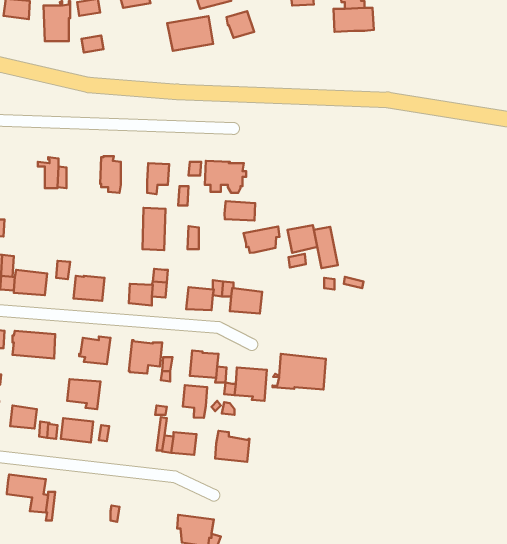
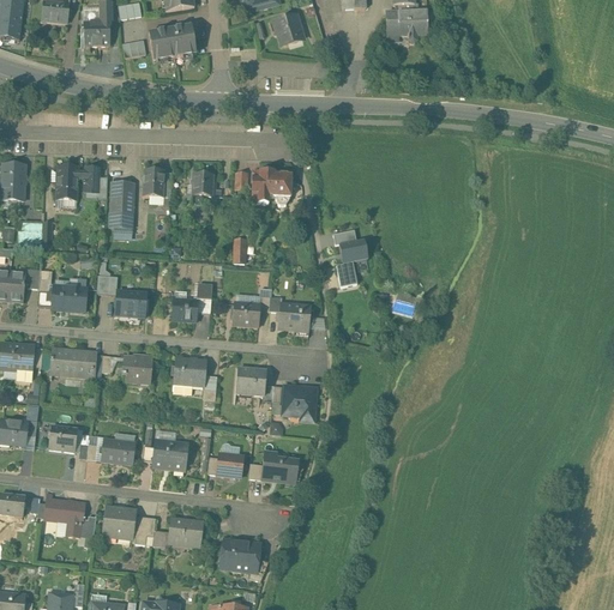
building: [167,16,213,51] -> [148,25,195,61]
building: none -> [55,165,78,199]
building: [225,201,255,220] -> none
building: [142,208,165,250] -> [109,182,133,227]
building: [244,226,279,253] -> none
building: [314,227,338,268] -> none
building: [273,354,326,390] -> none
building: [67,379,101,409] -> [152,440,187,471]
building: [183,385,207,418] -> none
building: none -> [102,505,149,544]
building: none -> [168,518,203,546]

